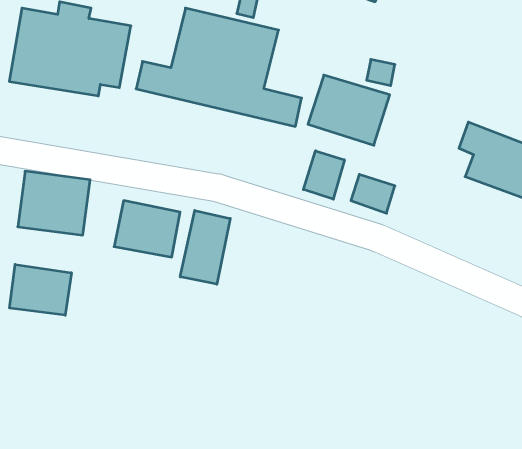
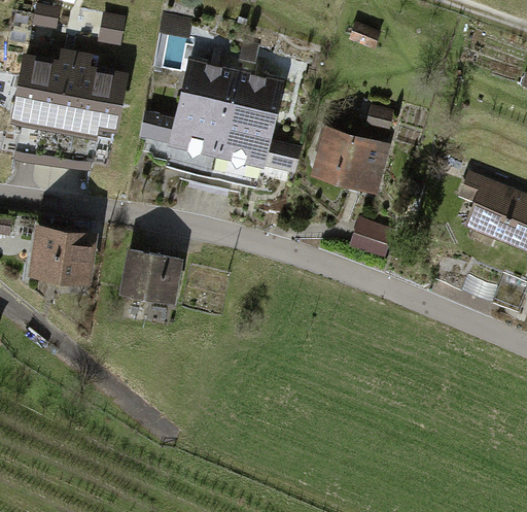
building: [303,151,344,199] -> none
building: [180,210,230,284] -> none
building: [10,264,71,315] -> none

